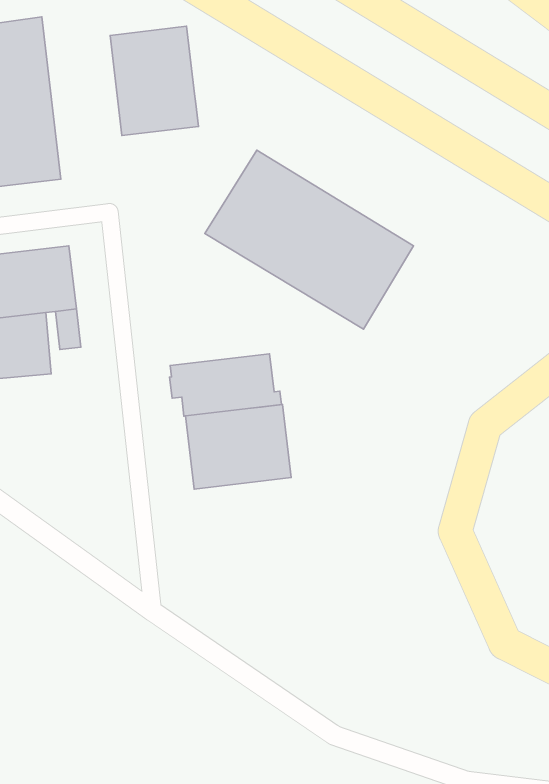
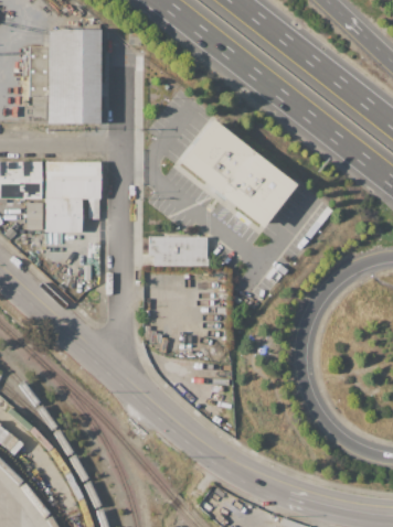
building: [110,26,199,136] -> none
building: [186,404,291,489] -> none

